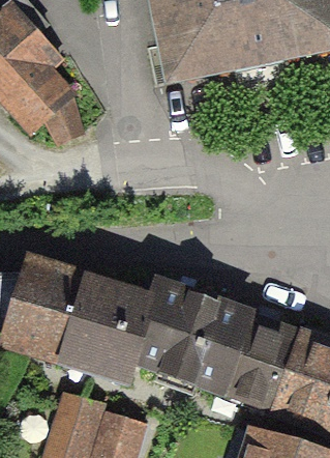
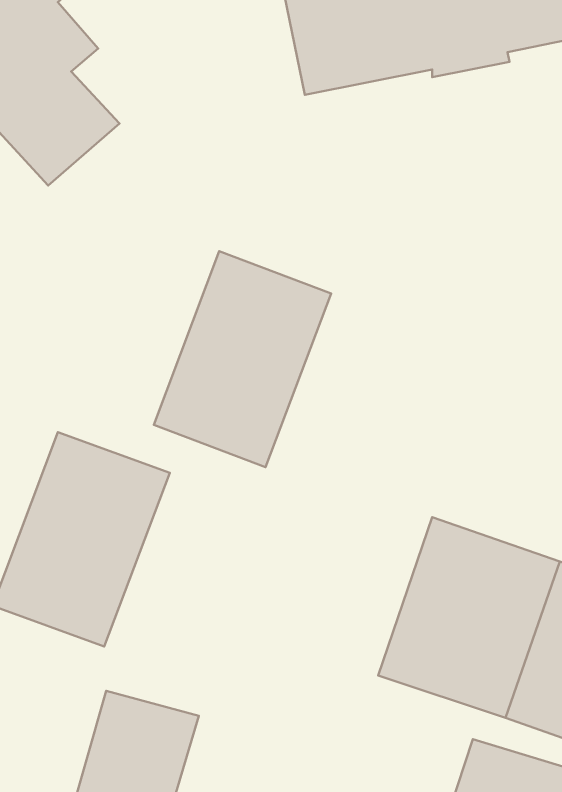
building: [60,282,155,398] -> [154,251,331,467]
building: [140,283,236,391] -> none

